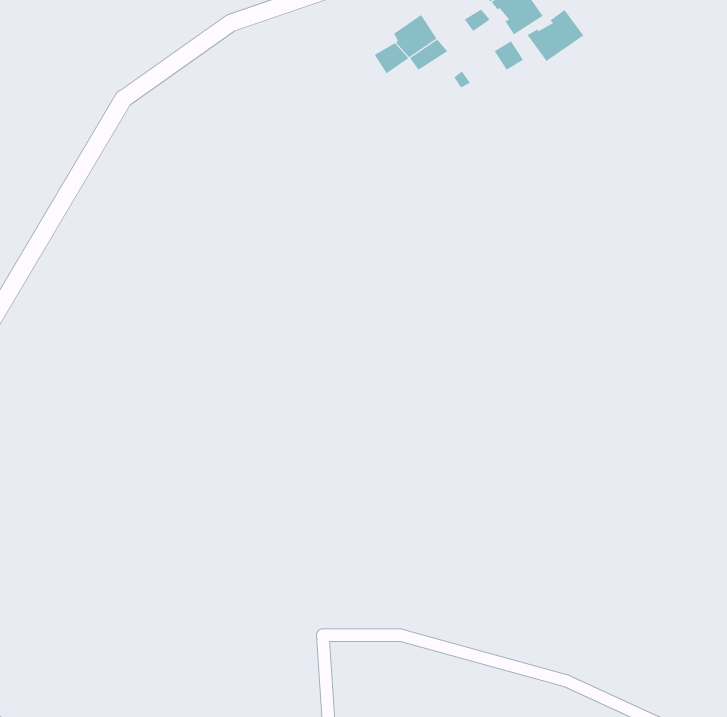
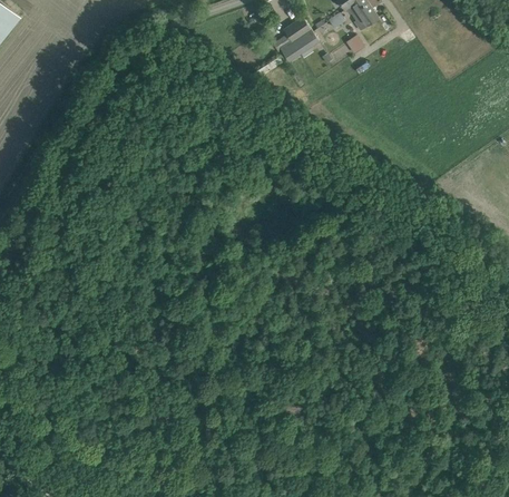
building: [527,9,584,62] -> none

